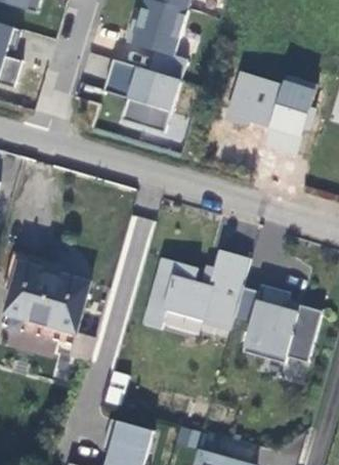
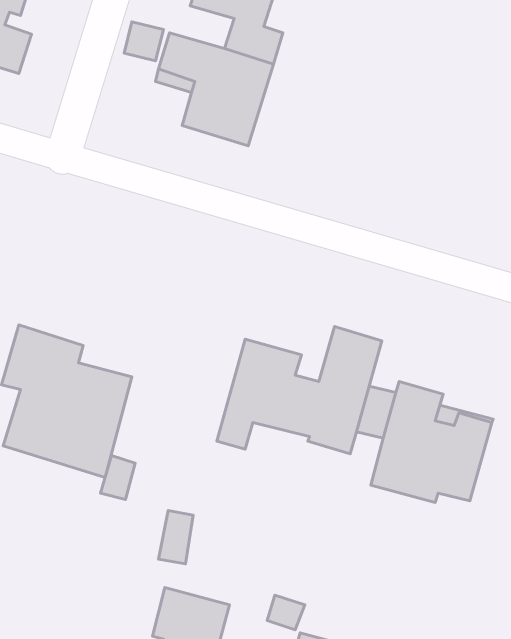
building: [225,69,314,153] -> none

